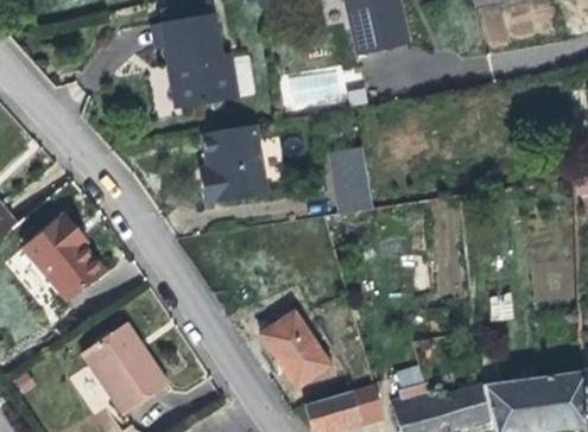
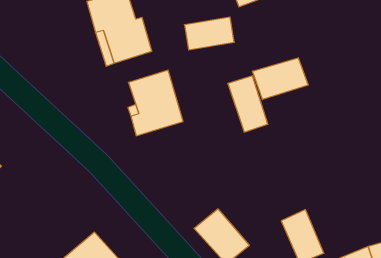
building: none -> [252,58,308,100]
building: [30,217,109,299] -> none

